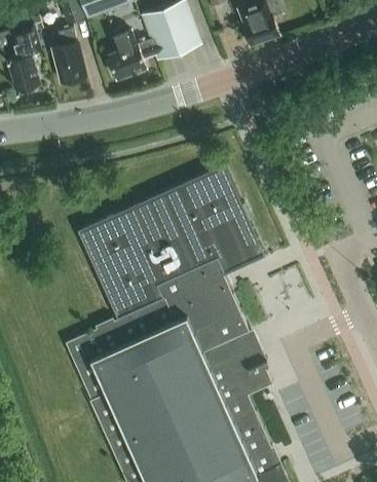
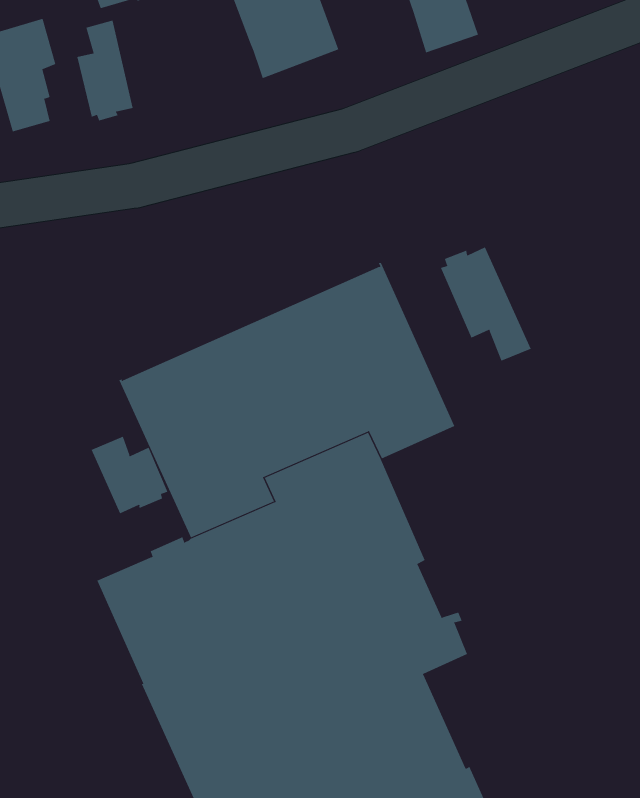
building: [107,30,155,79] -> none
building: none -> [440,247,531,361]
building: none -> [91,436,168,514]

